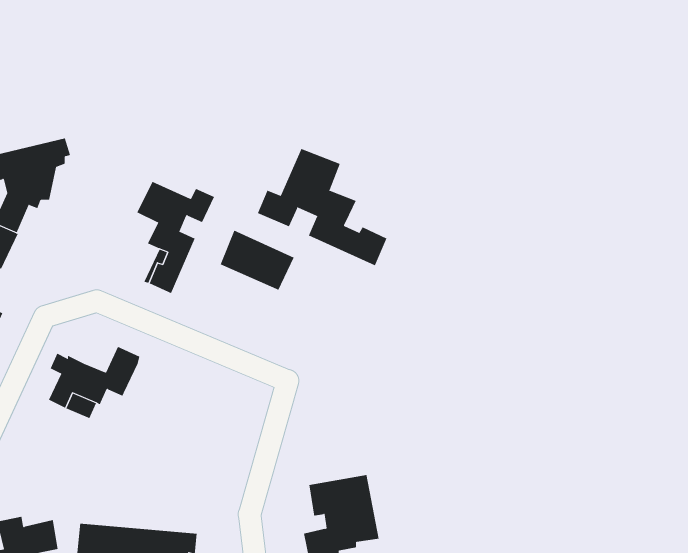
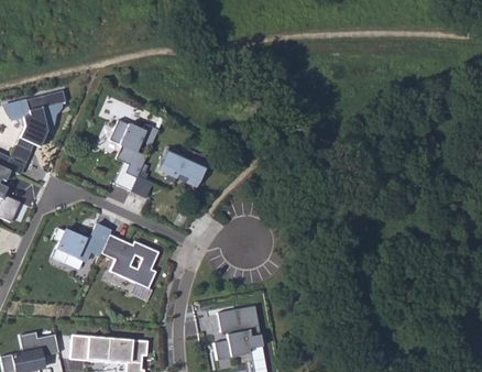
building: [257,148,387,266] -> none
building: none -> [99,234,157,288]

